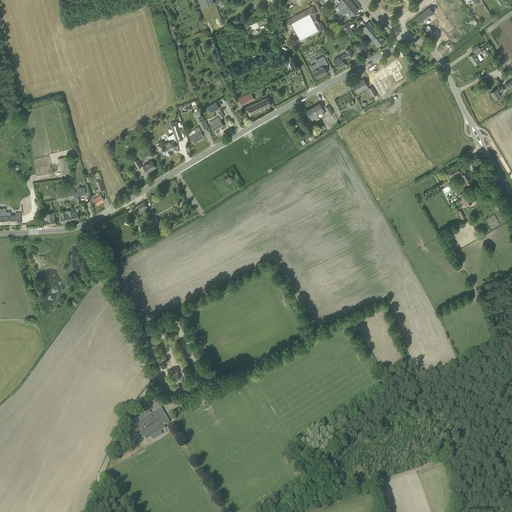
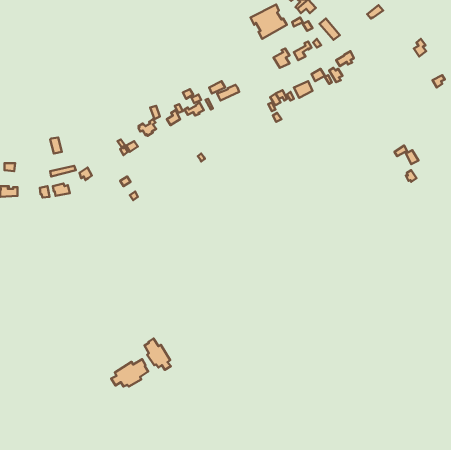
building: none -> [144,339,171,370]

